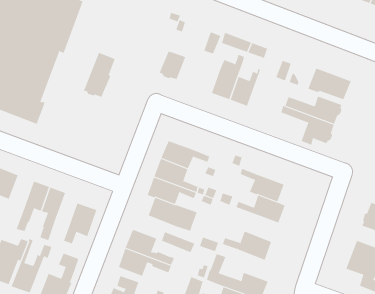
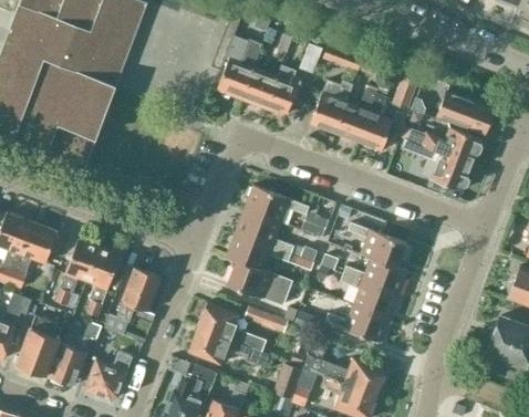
building: none -> [266,65,302,115]
building: [83,52,115,98] -> [217,38,259,97]
building: none -> [357,93,393,150]
building: none -> [340,273,398,319]

